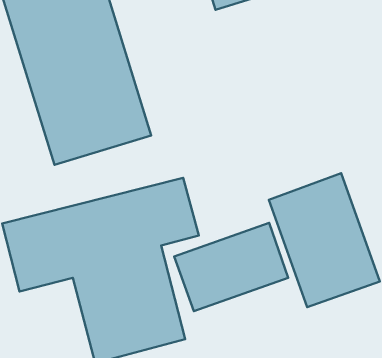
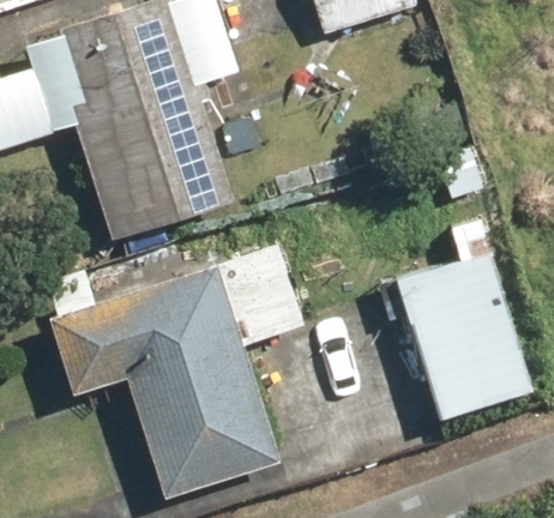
building: [174,223,288,311] -> none

